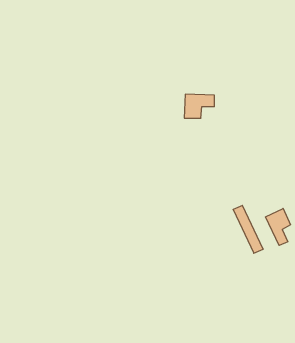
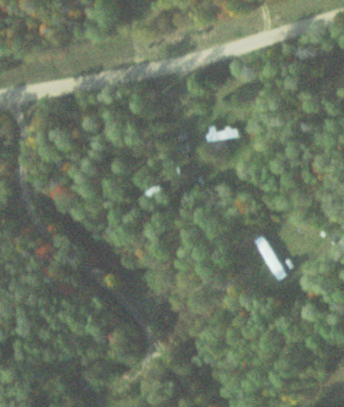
building: [266,208,290,245] -> none

